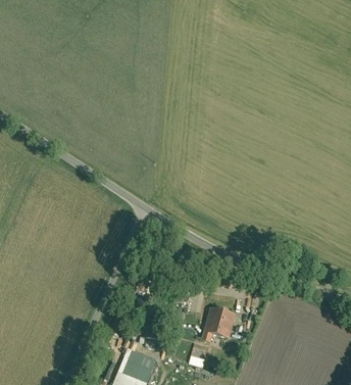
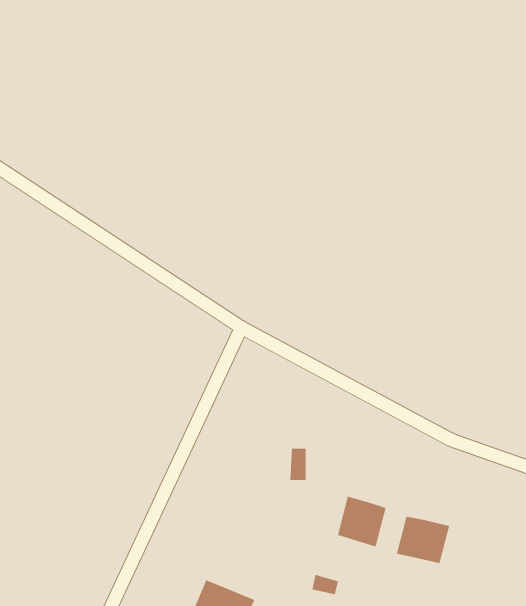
building: none -> [396,516,450,564]

